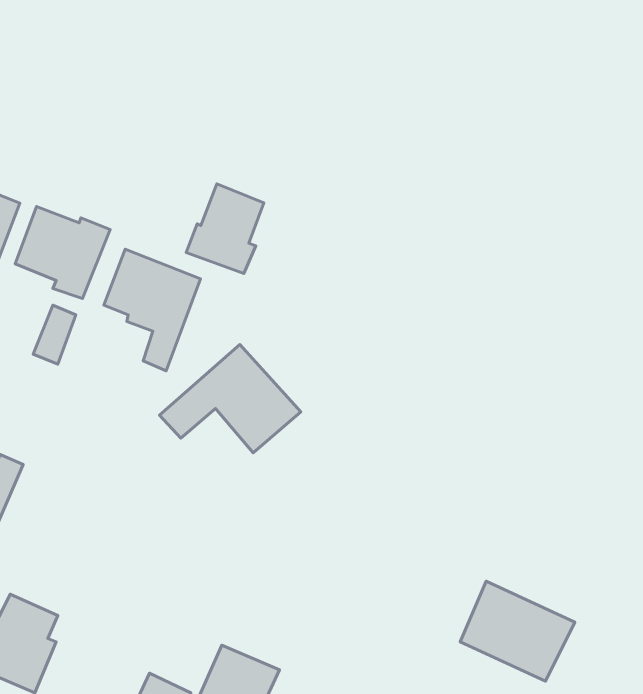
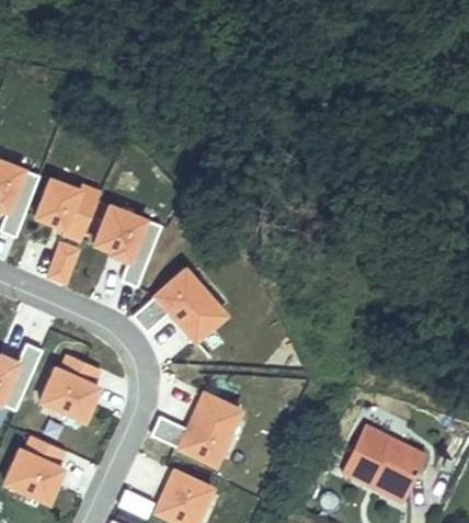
building: [186,184,264,274] -> none
building: none -> [41,355,101,421]
building: none -> [151,393,240,465]

